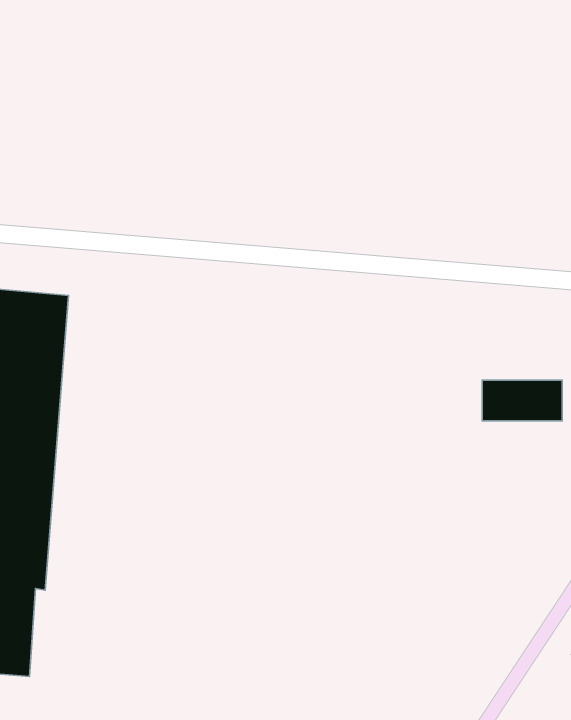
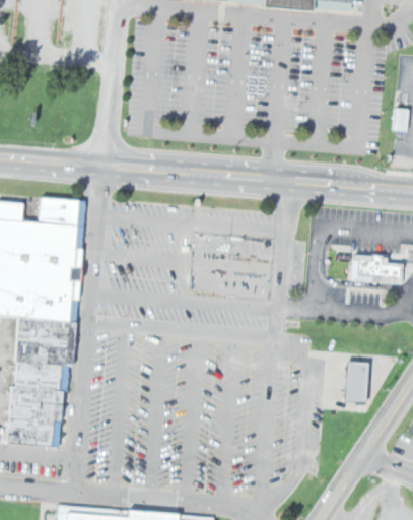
building: none -> [343,362,366,402]

